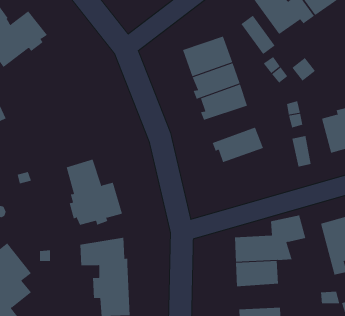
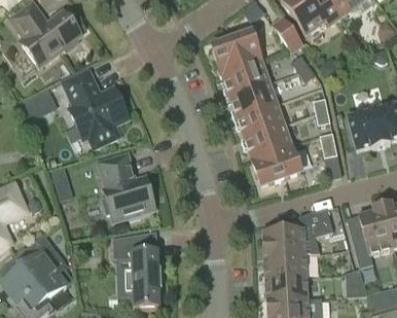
building: none -> [64,70,129,147]
building: none -> [233,103,284,139]
building: none -> [252,144,300,184]
building: none -> [265,276,309,301]

